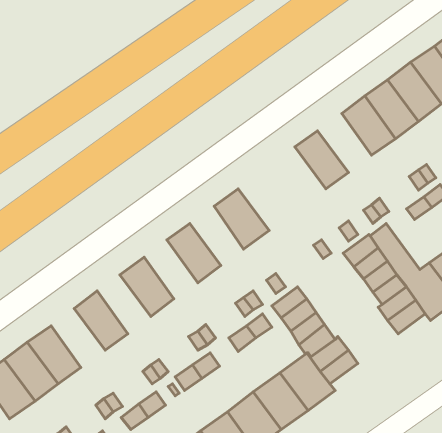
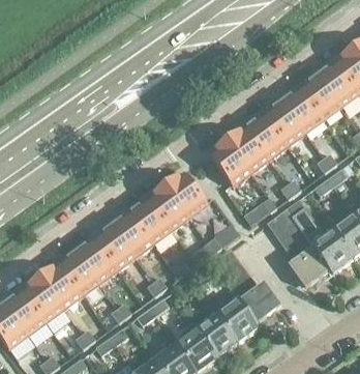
building: none -> [245,113,287,159]
building: none -> [209,139,251,185]
building: none -> [147,184,188,230]
building: none -> [112,210,153,256]
building: none -> [76,237,117,283]
building: none -> [40,263,82,309]

